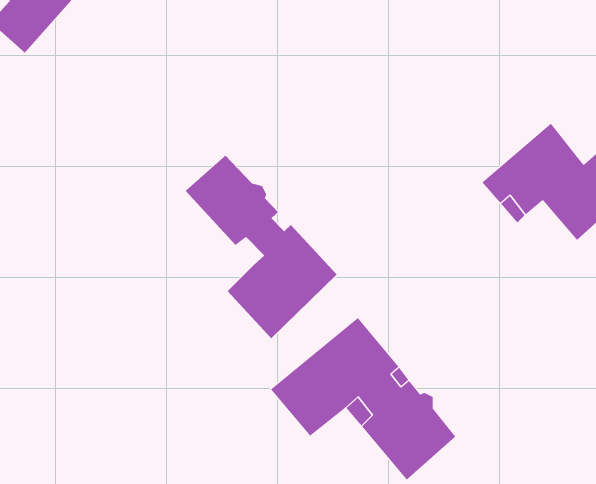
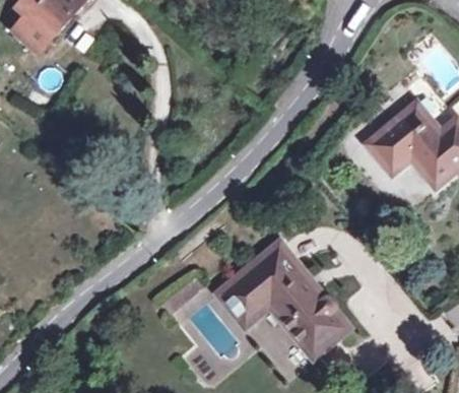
building: [185,155,338,339] -> none

